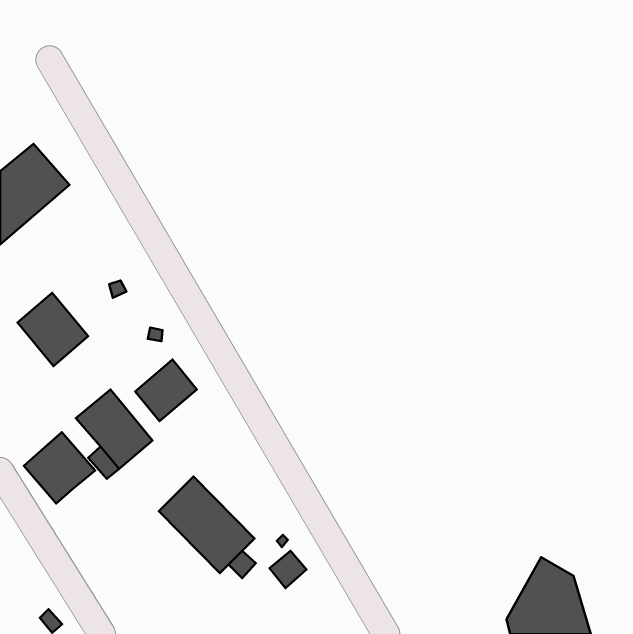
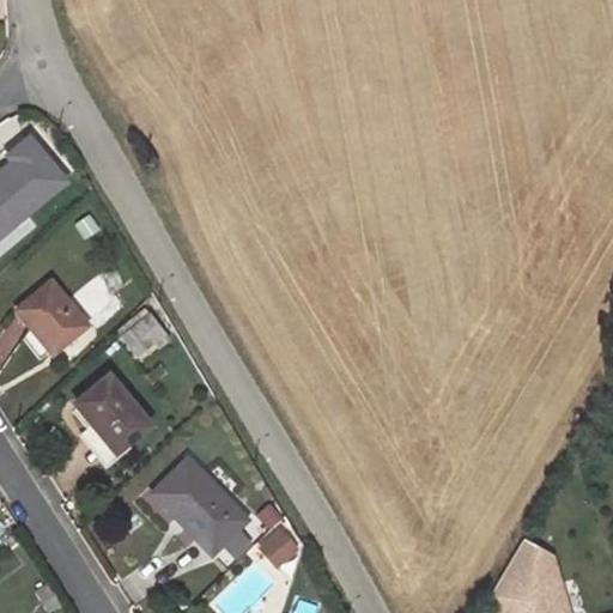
building: [135,360,197,421] -> none
building: [24,432,95,504] -> none

